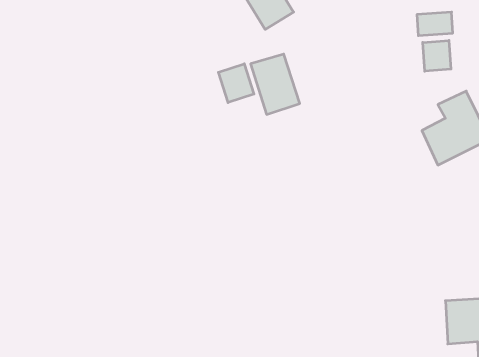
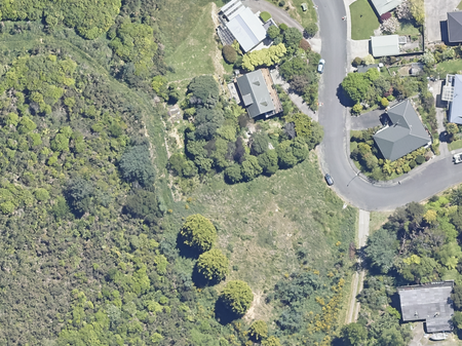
building: [423,40,451,71] -> none
building: [218,64,254,103] -> none

